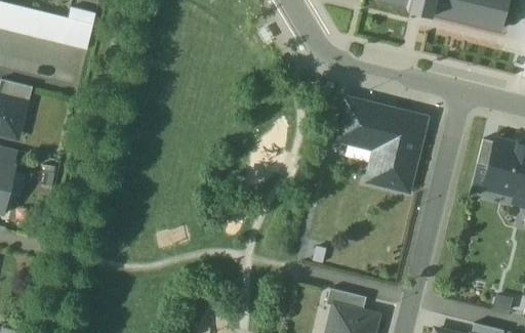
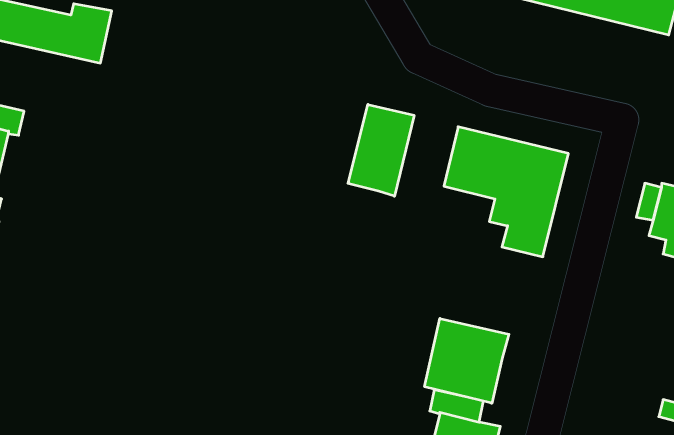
building: none -> [348,104,414,196]
building: none -> [425,318,509,403]

